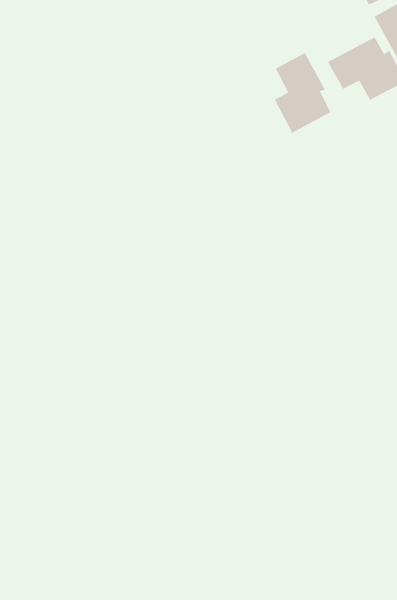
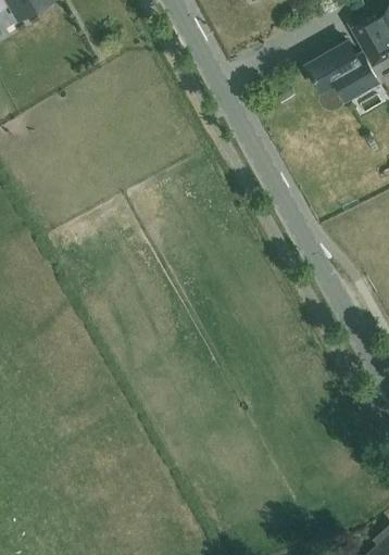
building: [274,52,332,134] -> none

